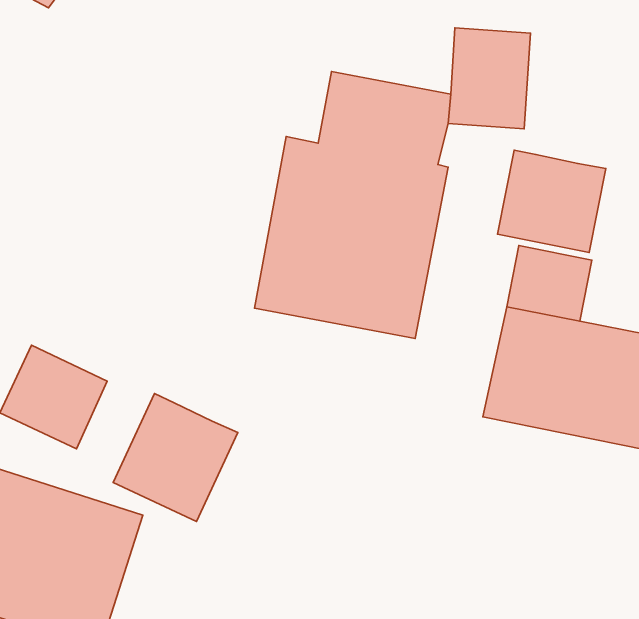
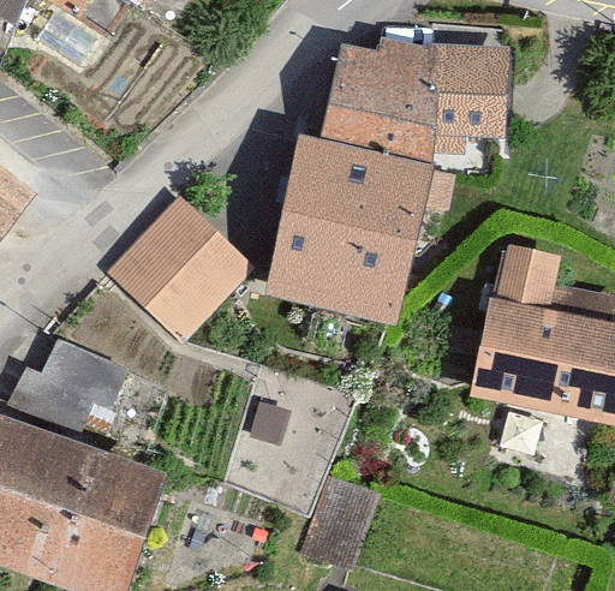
building: [497,150,606,253] -> none
building: none -> [106,192,256,342]
building: [113,393,238,521] -> none

